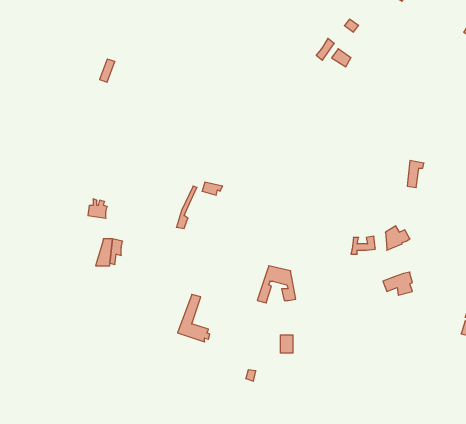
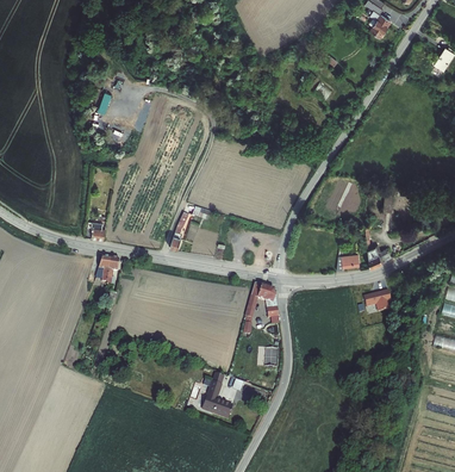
building: [178,294,210,342] -> [202,373,232,417]

